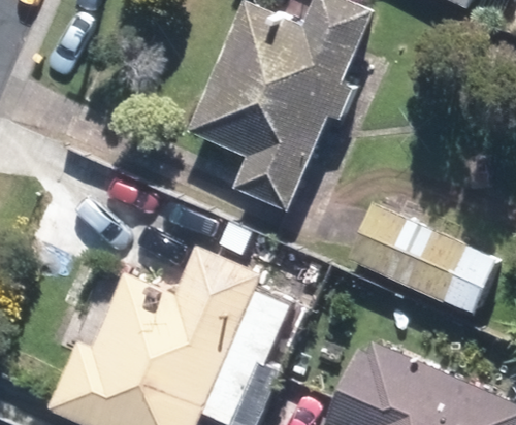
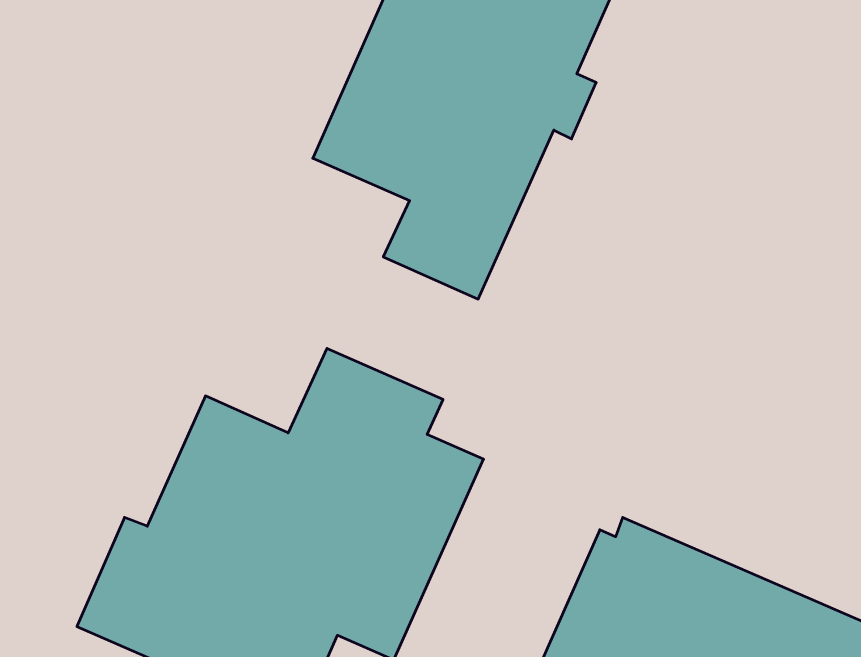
building: [345,202,499,318] -> none

